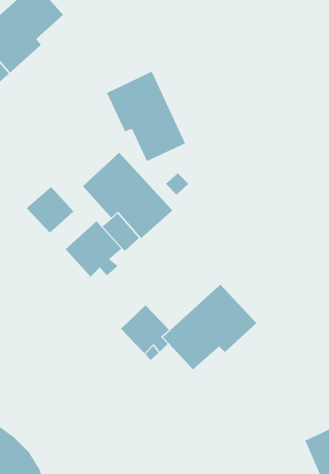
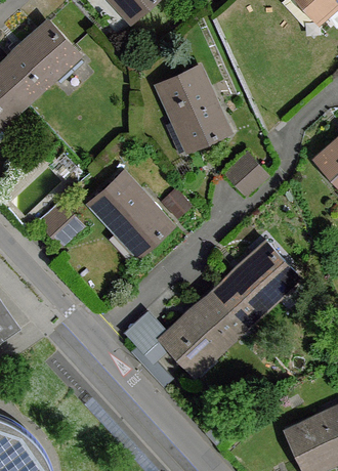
building: [106,71,186,162] -> [156,70,226,151]
building: none -> [223,156,265,198]
building: [65,220,122,277] -> none
building: none -> [211,246,291,329]

